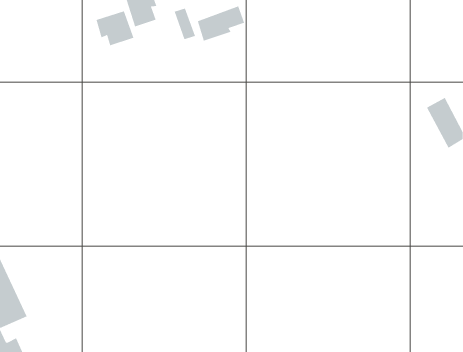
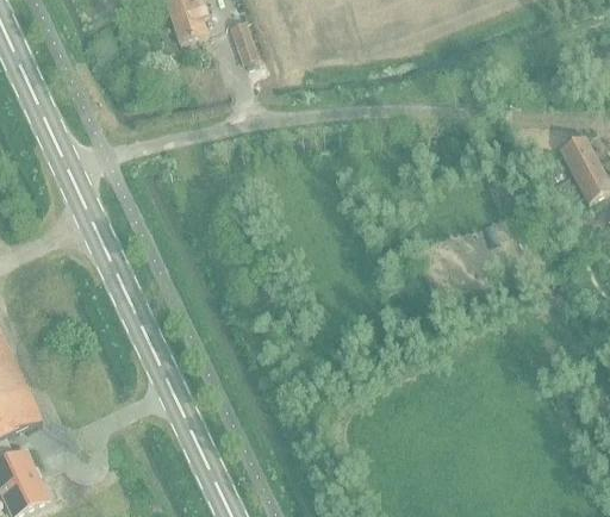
building: [197,6,245,42] -> none
building: [96,11,134,46] -> none

